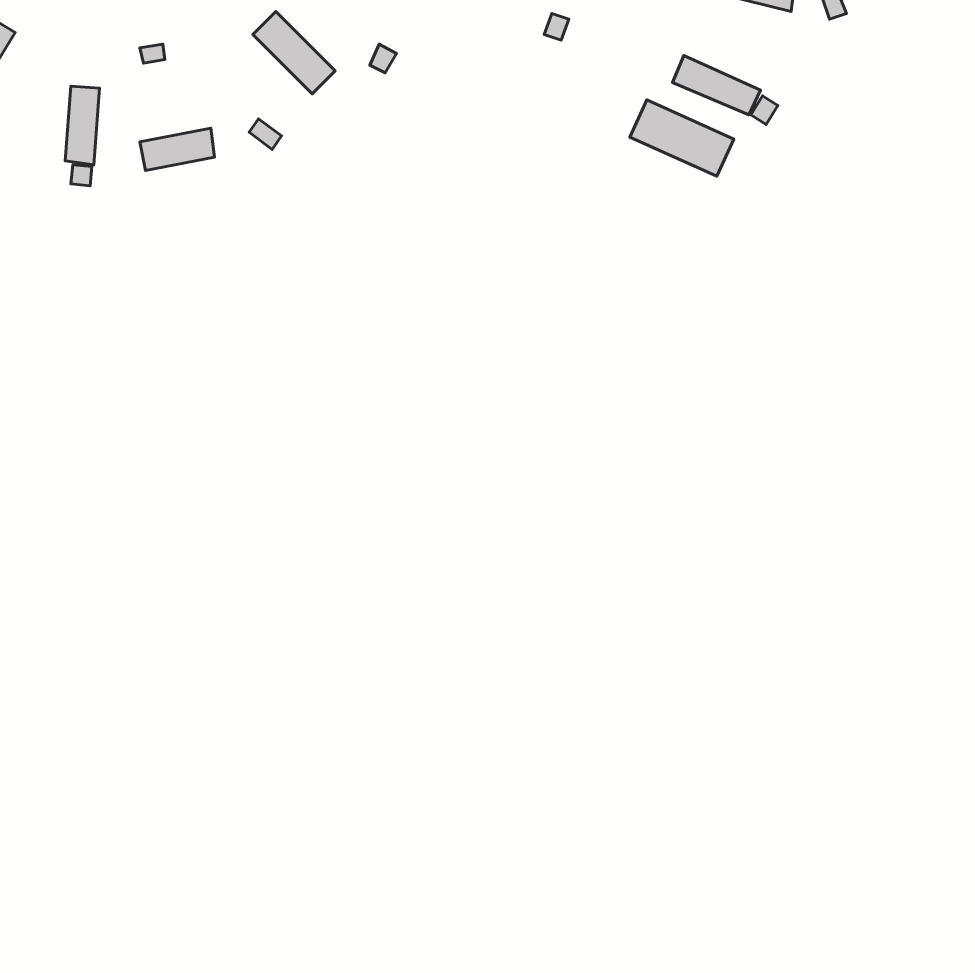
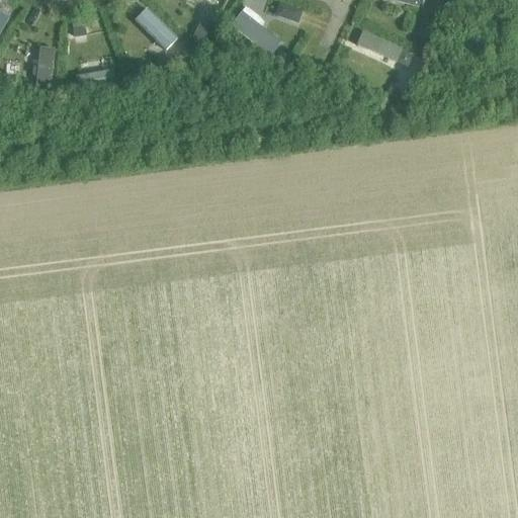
building: none -> [232,8,277,50]
building: [630,100,734,176] -> none

